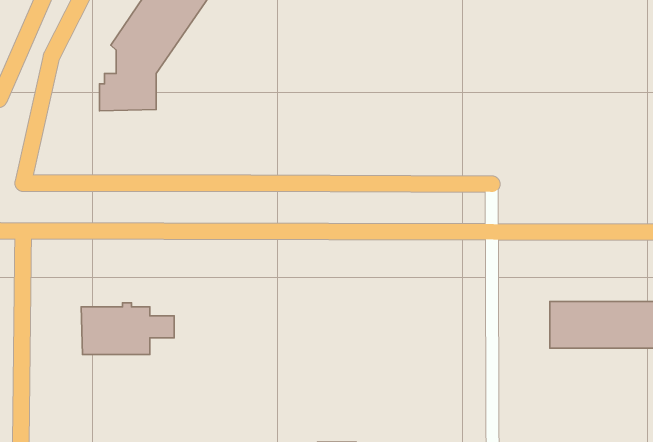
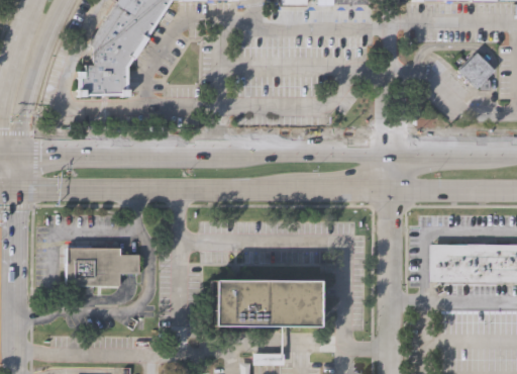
building: none -> [458,52,495,89]
building: none -> [210,280,315,325]

